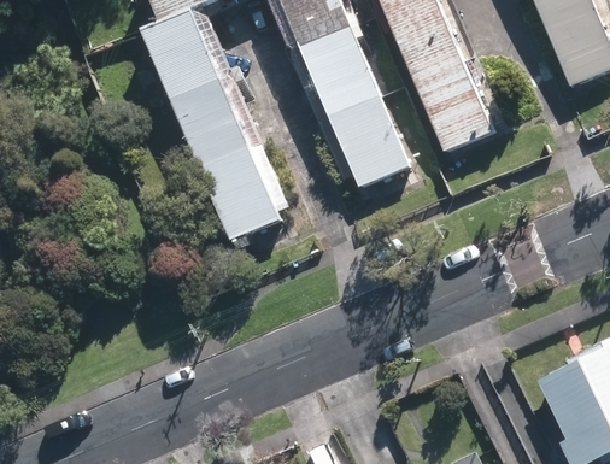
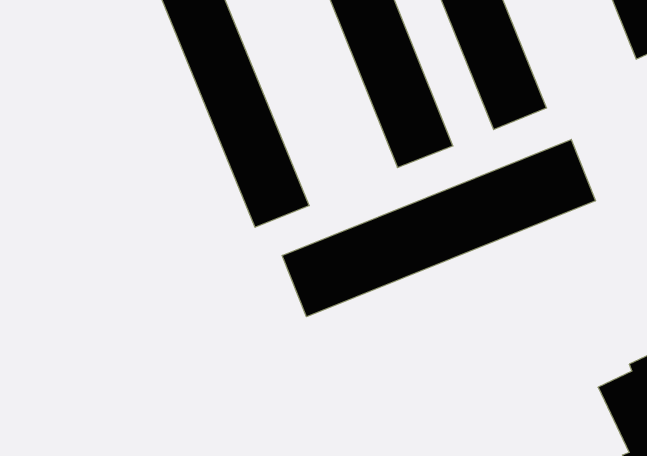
building: none -> [282,139,595,317]

